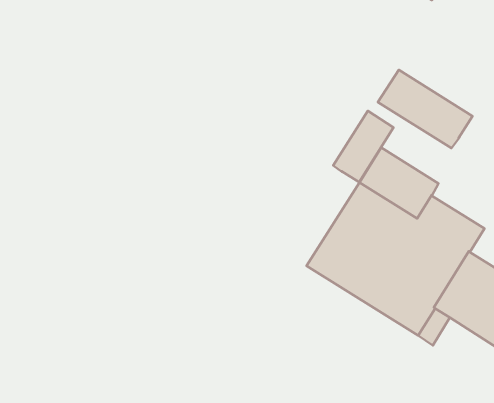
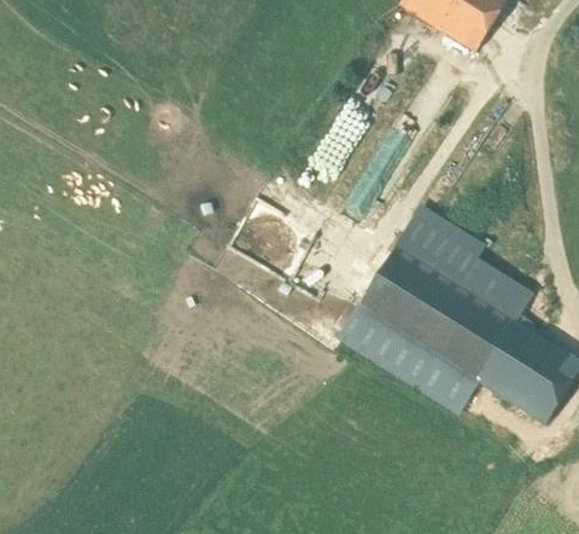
building: [378,70,472,148] -> none
building: [333,111,394,182] -> none

